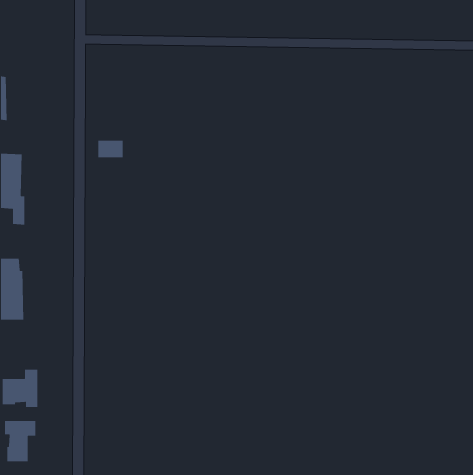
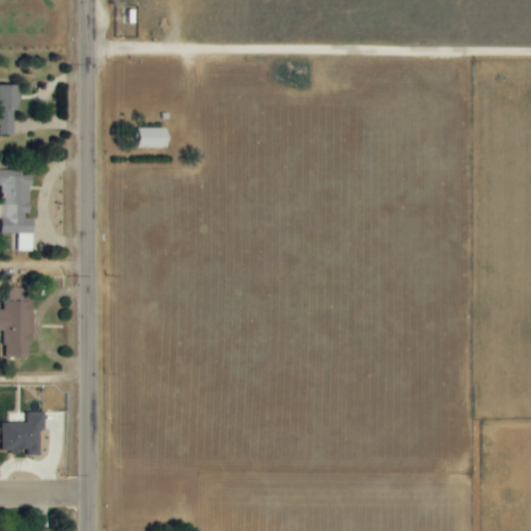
building: [97,140,124,158] -> [133,128,162,148]
building: [4,420,36,462] -> none

